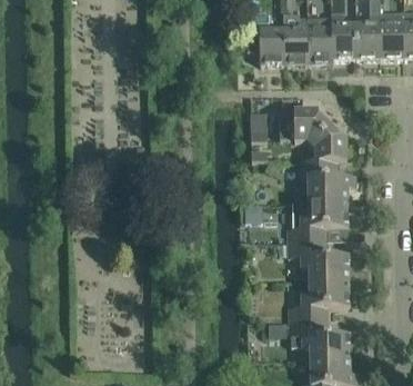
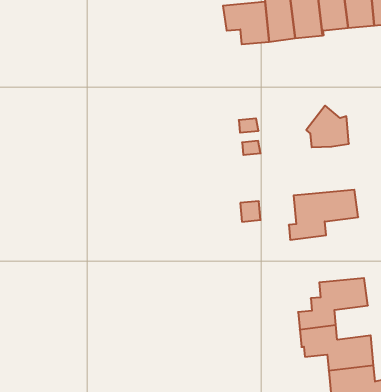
building: [281,109,330,145] -> none
building: [299,160,356,201] -> none
building: [288,239,350,280] -> none

